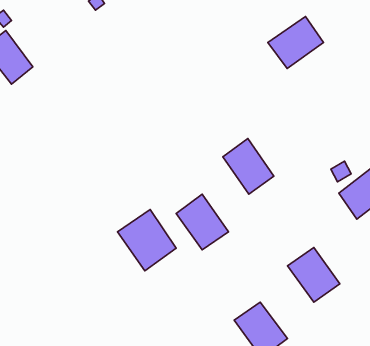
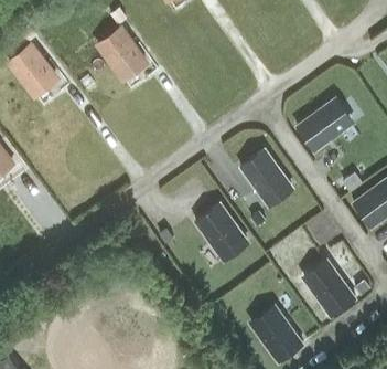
building: none -> [97,29,146,81]
building: [268,16,324,69] -> [295,102,350,152]
building: [118,209,176,271] -> none

